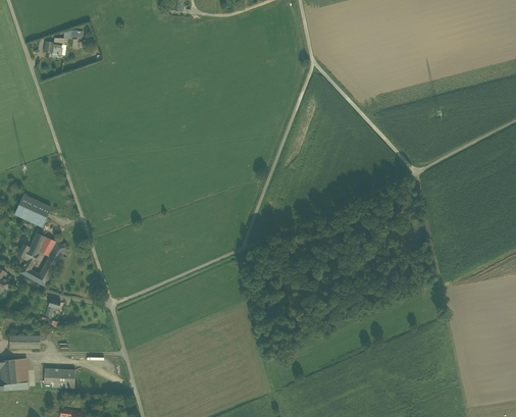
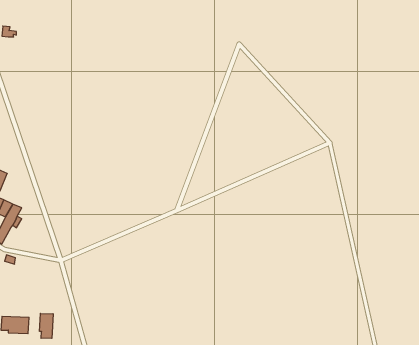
building: none -> [40,313,53,338]

